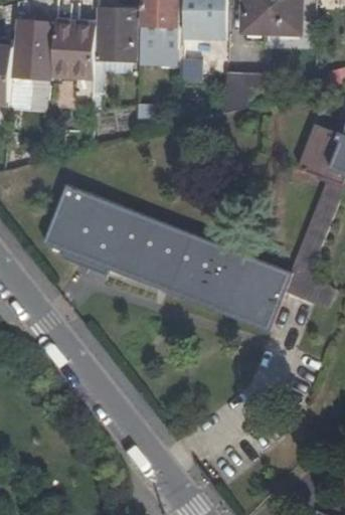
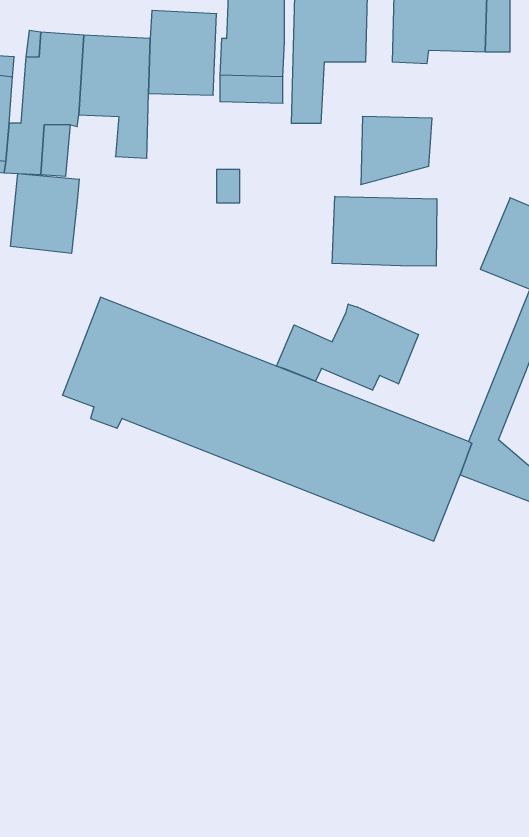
building: none -> [11,174,79,253]
building: none -> [332,196,437,266]
building: none -> [276,304,418,390]

